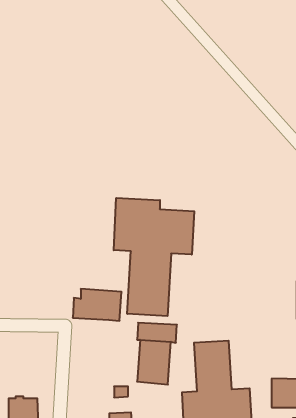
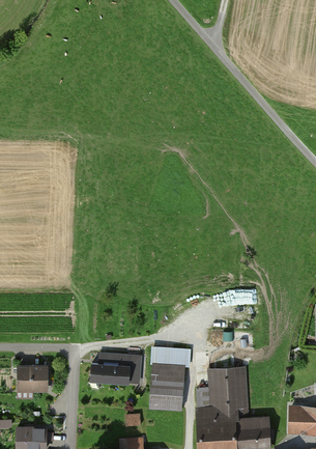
building: [114,198,194,316] -> none
building: [73,289,122,321] -> [90,350,141,384]
building: none -> [17,364,49,393]

